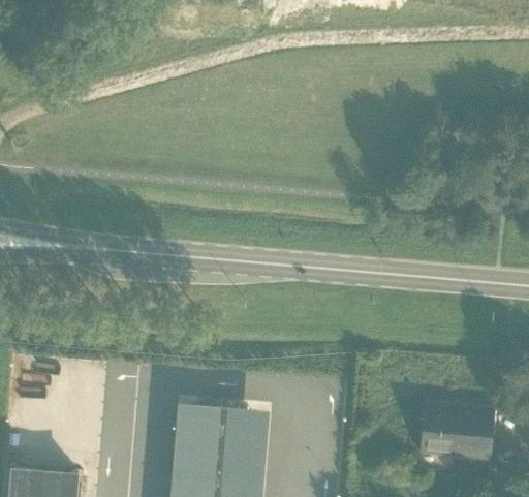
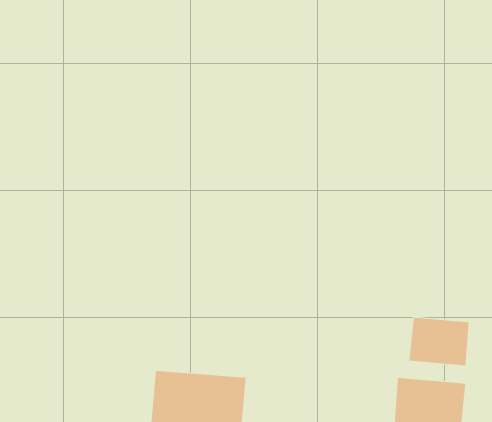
building: none -> [409,317,469,366]

